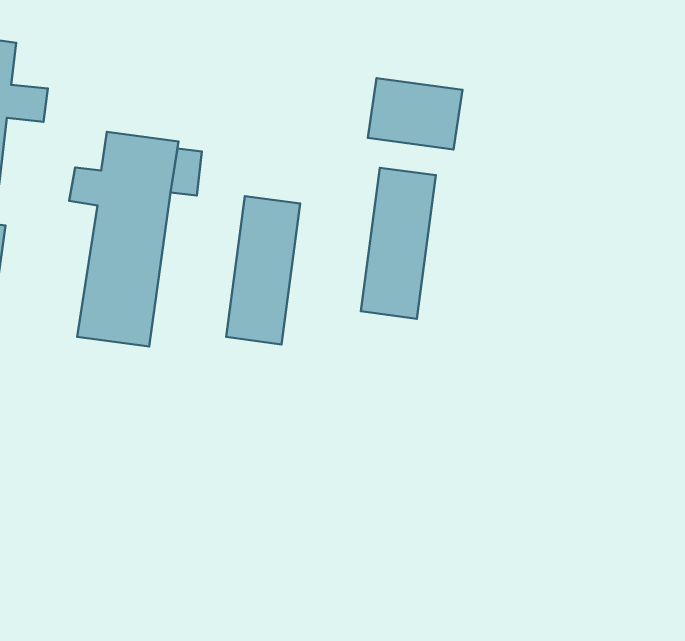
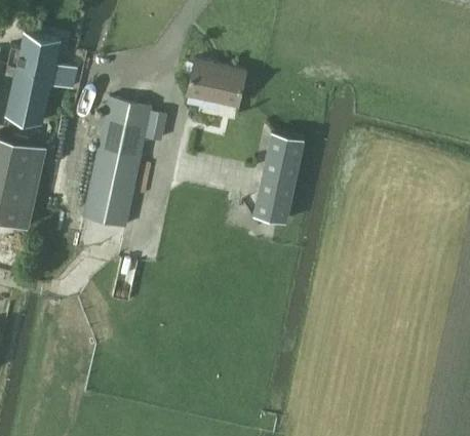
building: [368,78,462,150] -> [187,61,245,107]
building: [226,196,300,344] -> none

